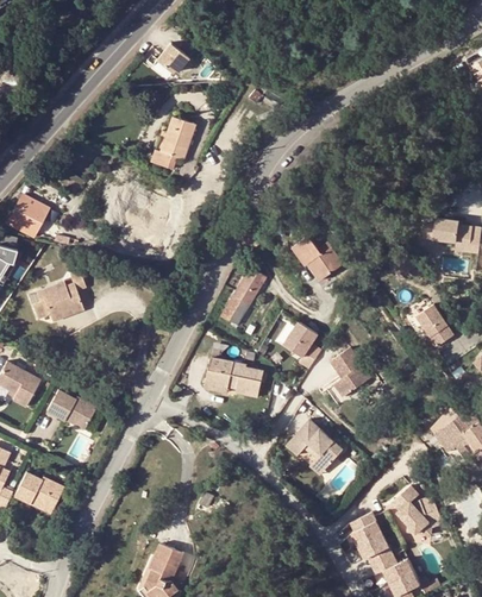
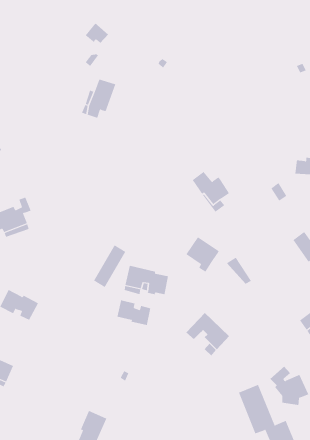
building: [221,269,264,325] -> [93,245,126,288]
building: [330,354,362,396] -> none
building: none -> [117,300,151,326]

